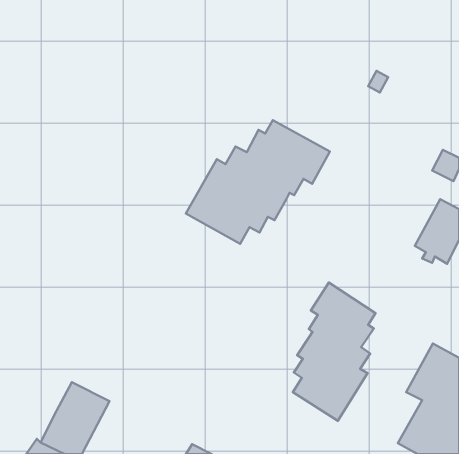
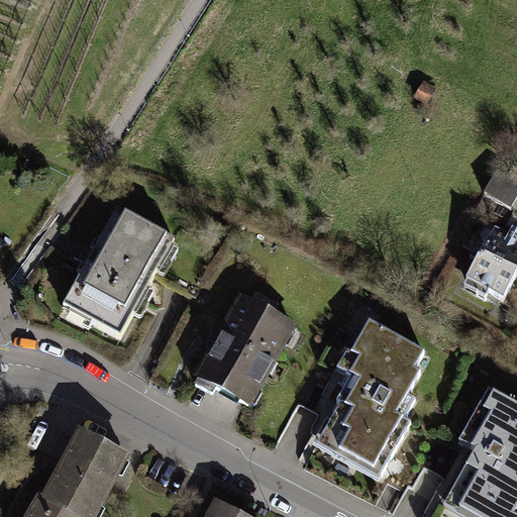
building: [186,120,330,244] -> none
building: none -> [63,207,173,335]
building: none -> [194,295,293,403]

